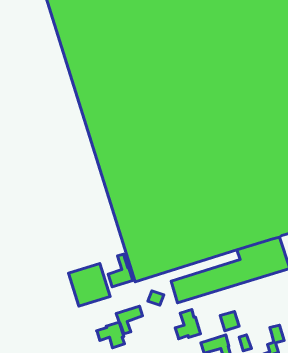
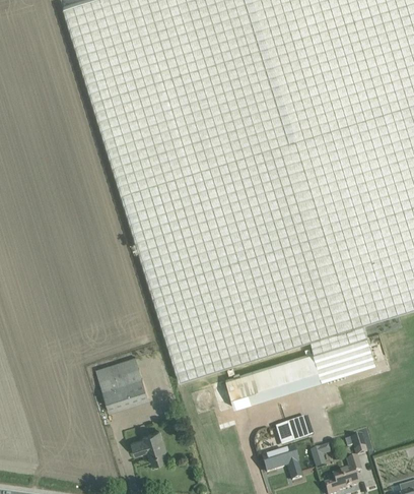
building: [108,254,133,287] -> none
building: [116,306,143,334] -> none
building: [175,310,201,339] -> none

